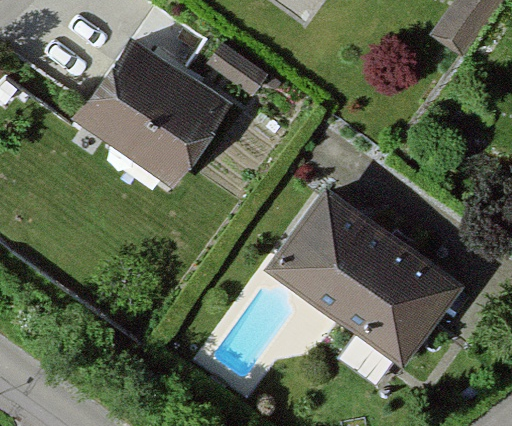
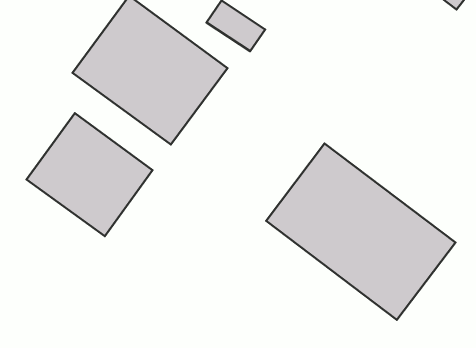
building: none -> [26,113,152,236]

